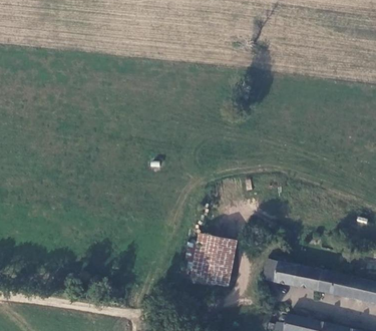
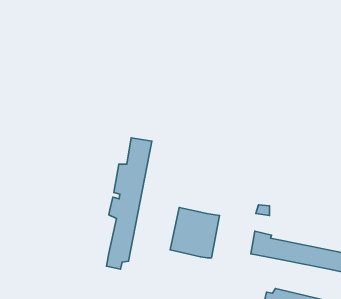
building: none -> [107,138,152,269]

